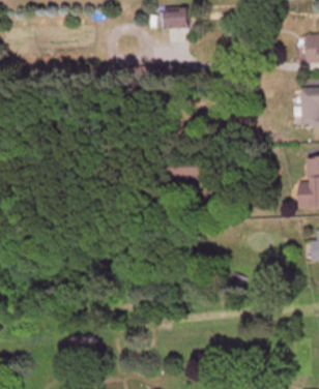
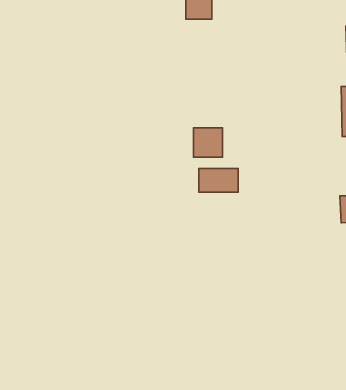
building: none -> [194,128,223,157]

